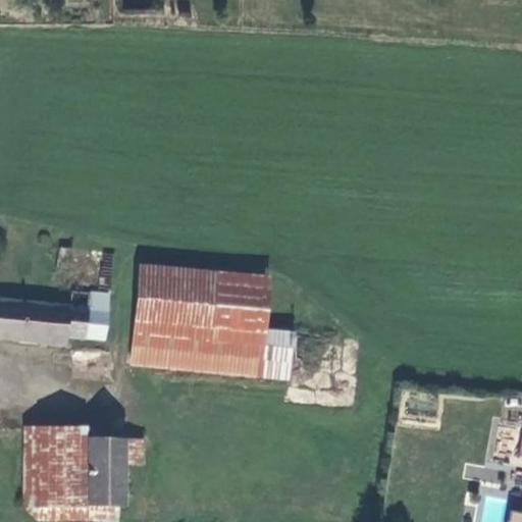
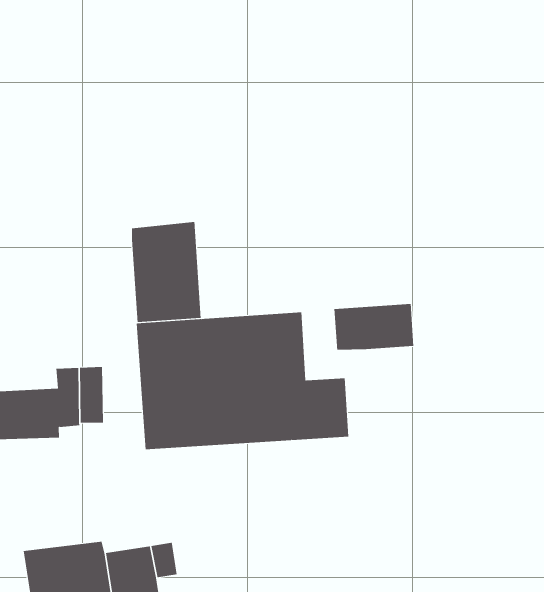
building: none -> [131,221,201,323]
building: none -> [334,303,414,351]

